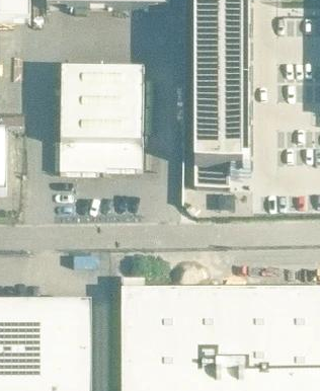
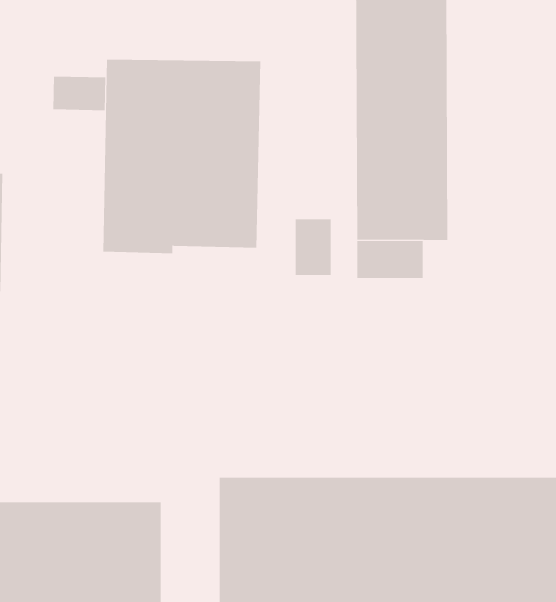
building: none -> [53,76,106,111]
building: none -> [295,218,331,276]

